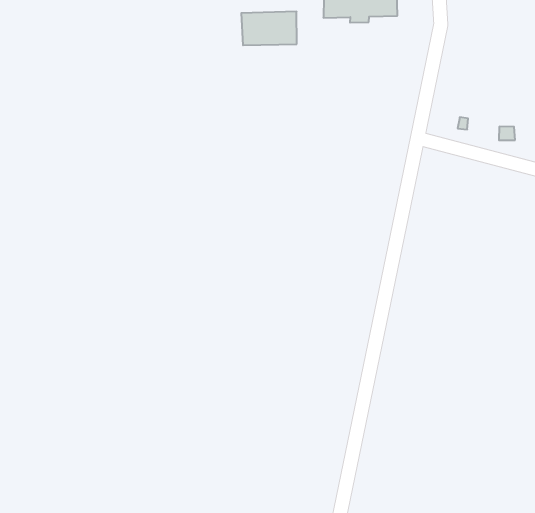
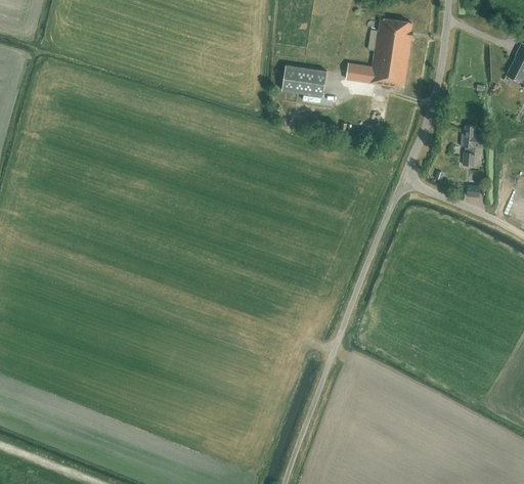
building: none -> [461,125,482,165]

